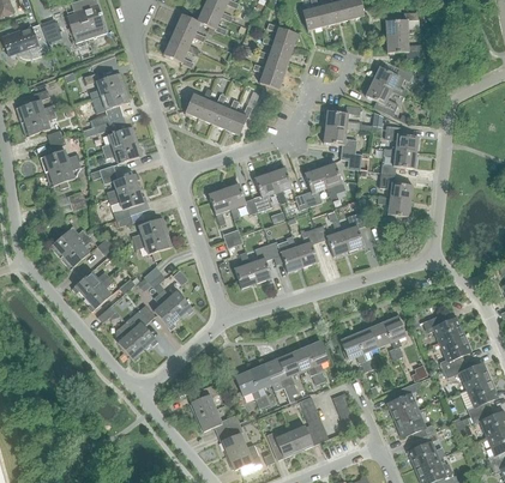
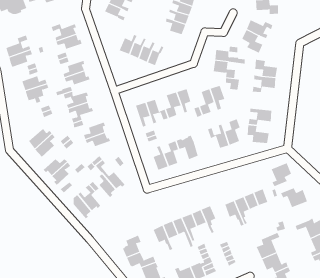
building: [379,173,413,200] -> [247,125,270,144]
building: [295,228,319,267] -> none
building: [439,334,470,370] -> [271,163,292,187]

